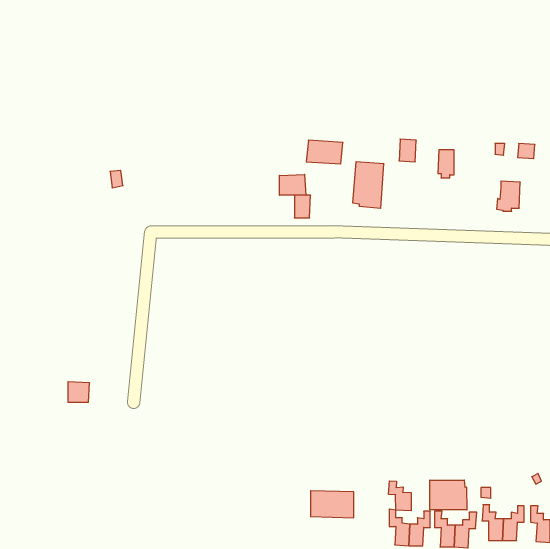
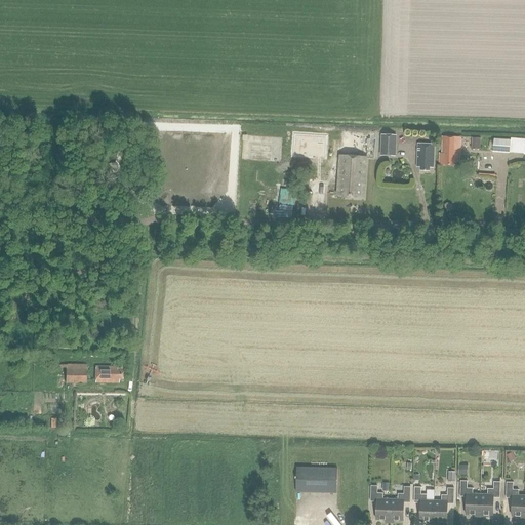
building: [279,174,306,195] -> none
building: [497,181,520,211] -> [438,135,460,164]
building: none -> [94,364,121,382]
building: [430,480,467,510] -> none
building: [389,481,411,511] -> none

